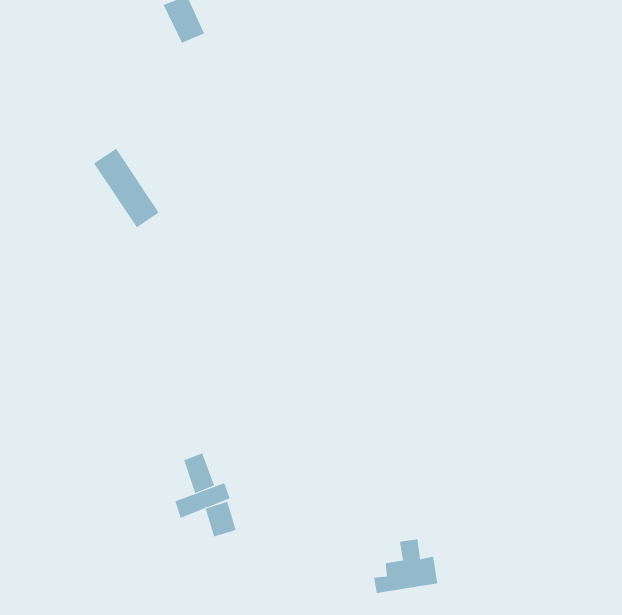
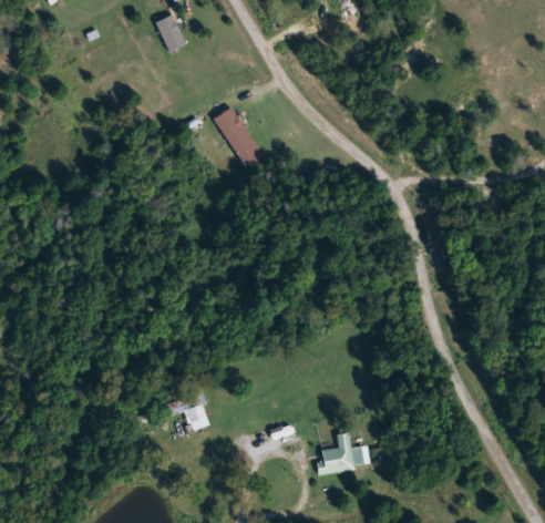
building: [93,148,160,228] -> [214,106,265,168]
building: [184,453,215,494] -> none

